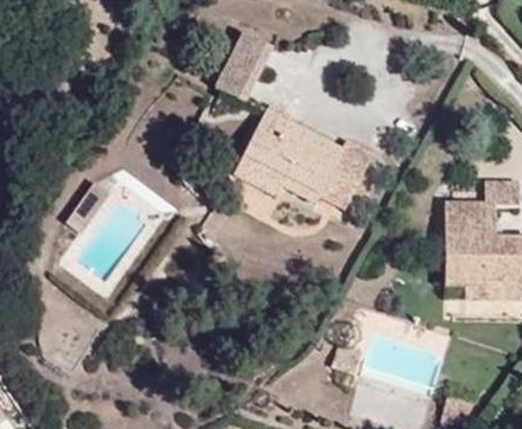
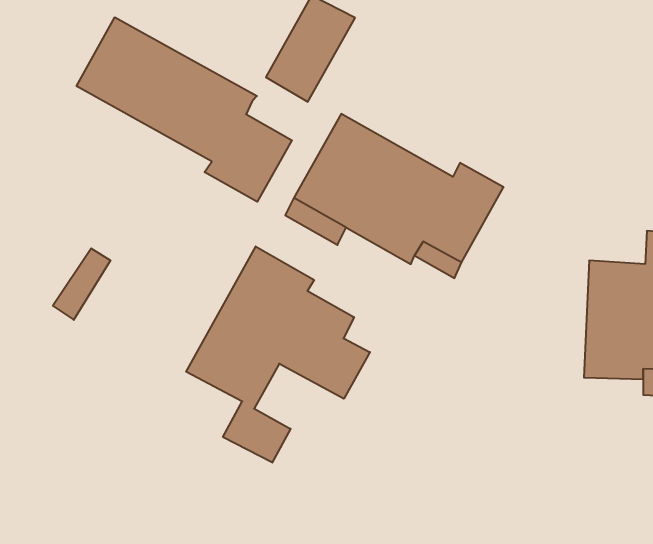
building: none -> [77,17,292,202]
building: none -> [186,246,370,463]

